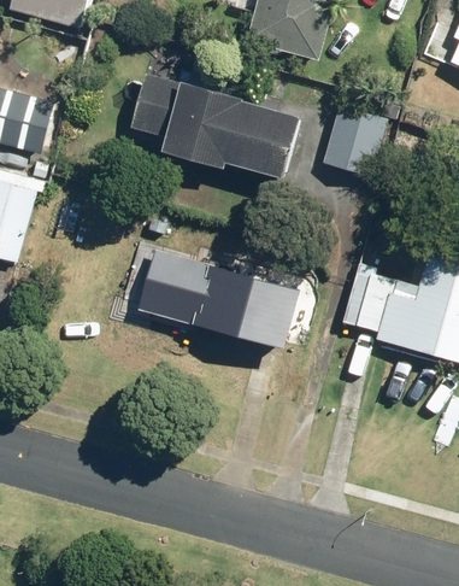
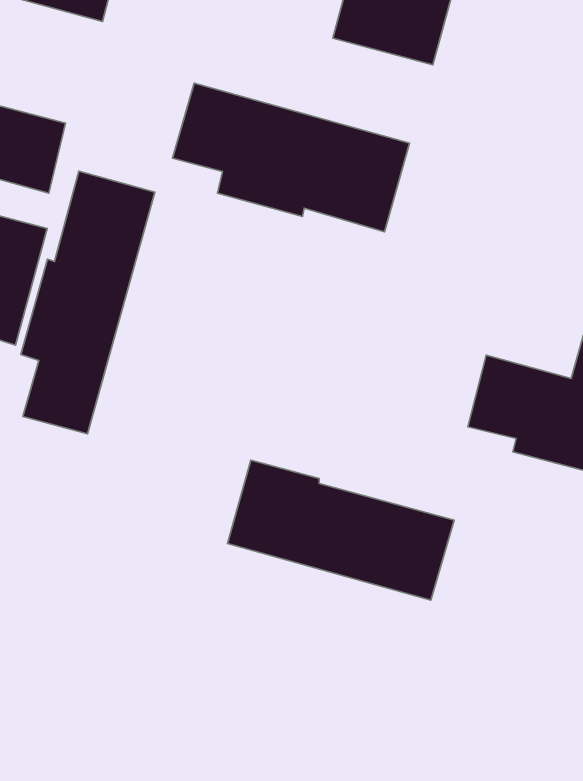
building: [324,105,388,176] -> none
building: none -> [21,171,155,434]
building: [137,250,301,351] -> [227,460,454,600]

